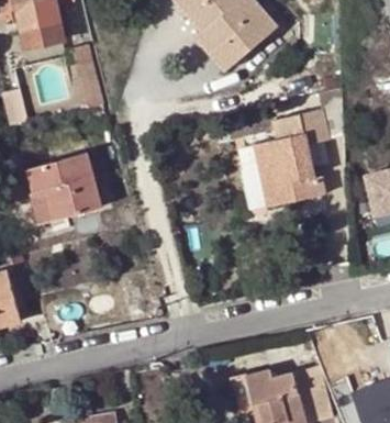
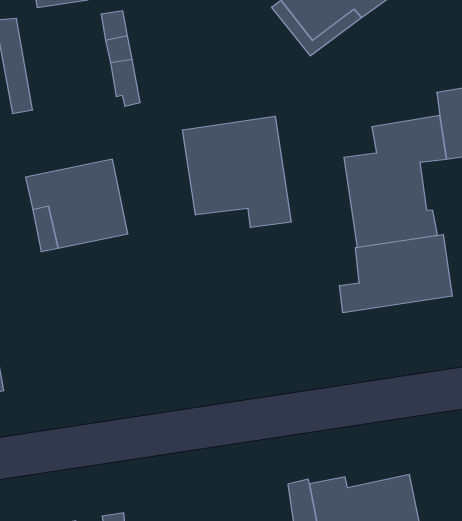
building: none -> [183,116,291,228]
building: none -> [340,234,452,313]

